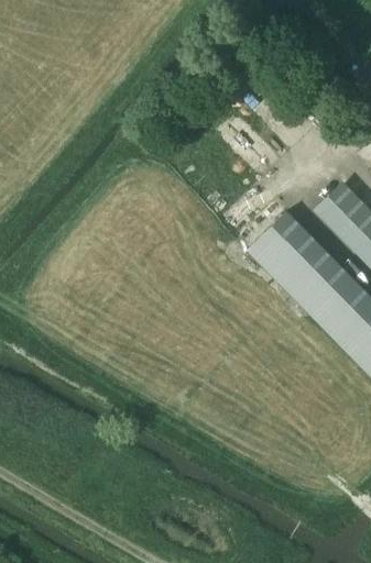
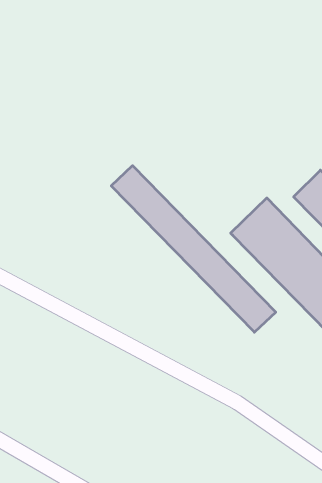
building: none -> [111,166,276,332]

